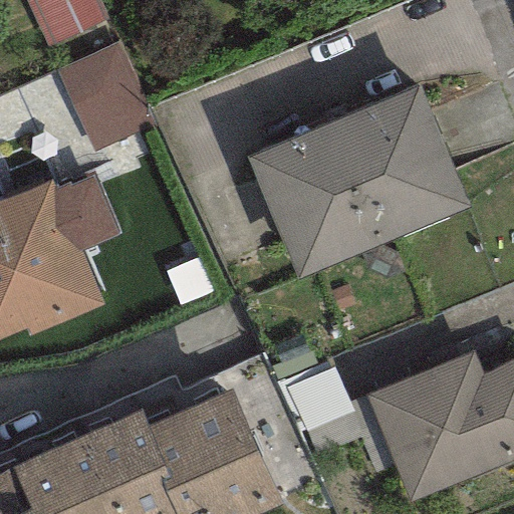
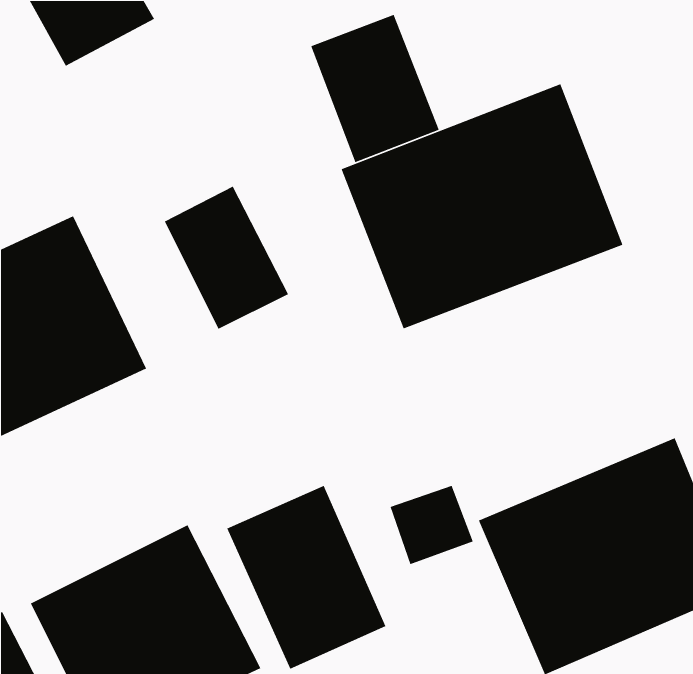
building: none -> [310,14,440,163]
building: [57,68,150,175] -> [164,186,289,330]

